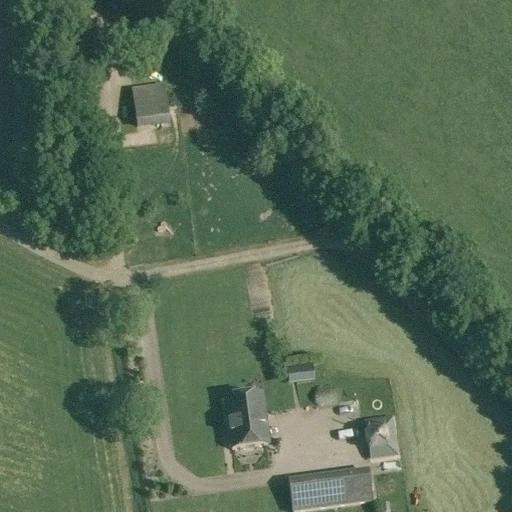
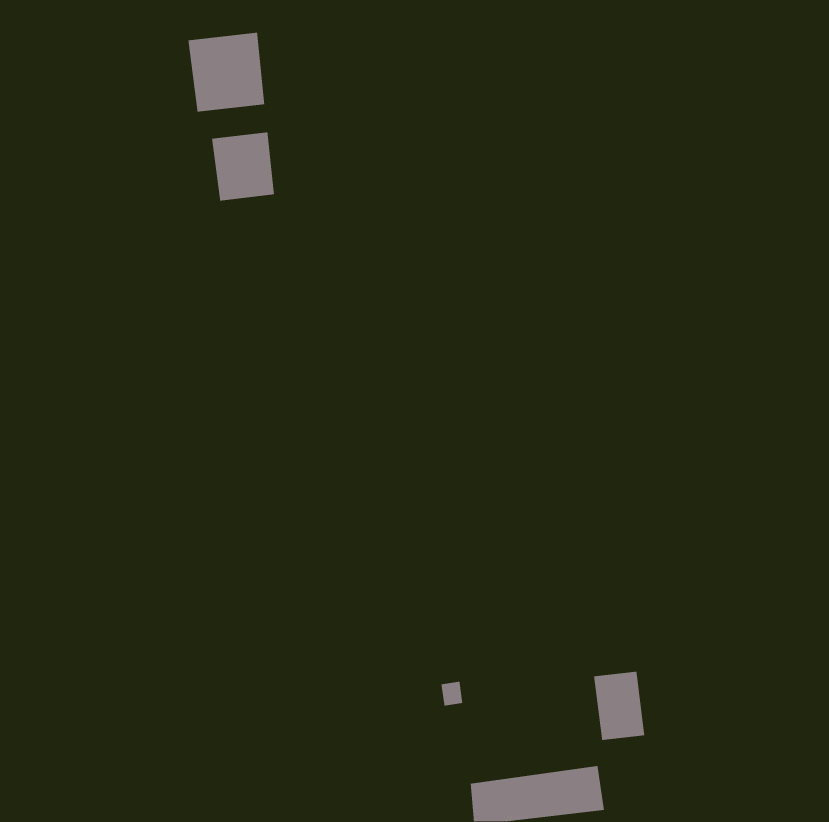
building: none -> [187,32,265,113]
building: [226,391,268,446] -> none

